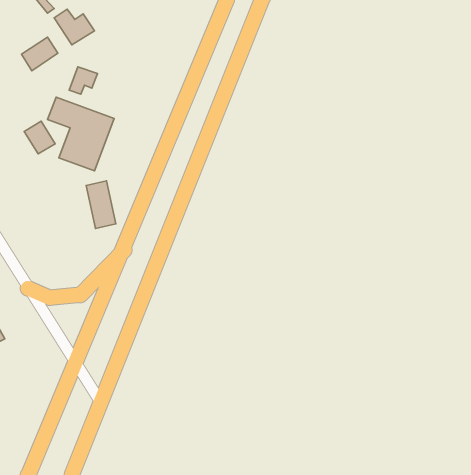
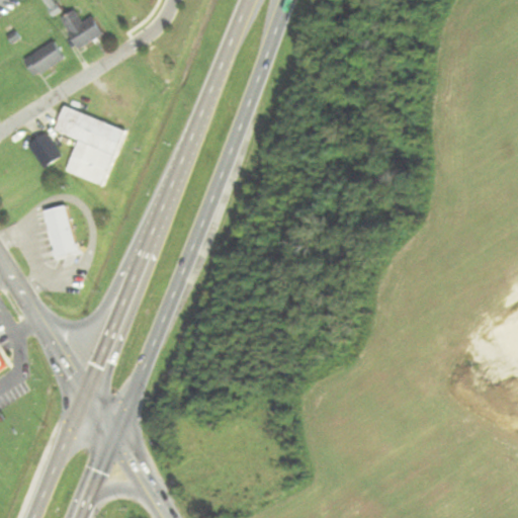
building: [69,67,97,94] -> none
building: [86,181,116,229] -> [44,203,76,255]

